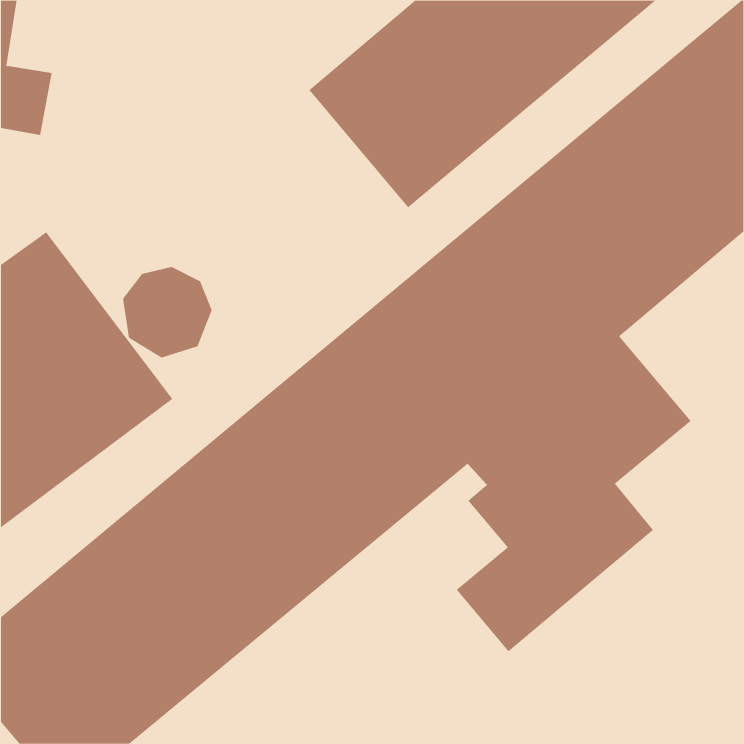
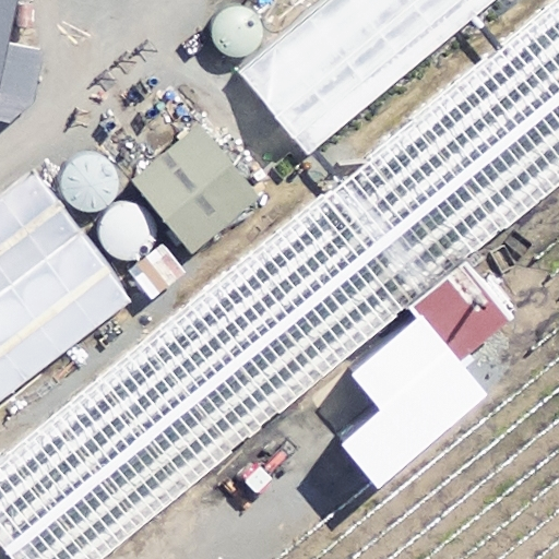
building: none -> [129,129,251,252]

